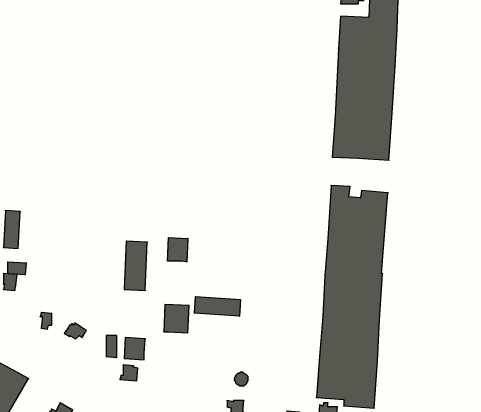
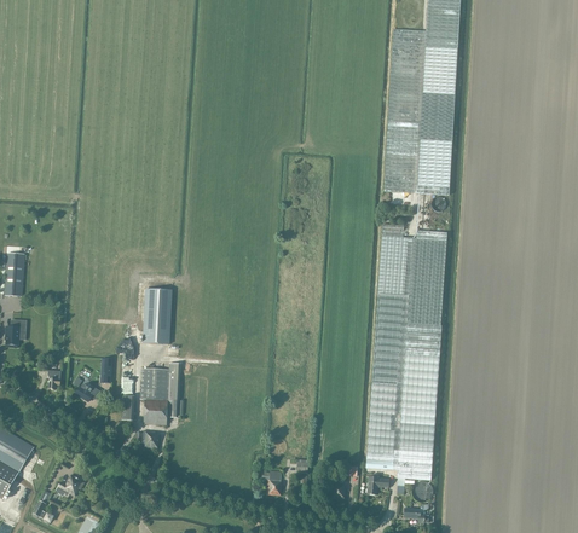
building: [168,238,188,262] -> none
building: [194,297,240,316] -> none
building: [164,304,189,333] -> [140,367,169,400]

